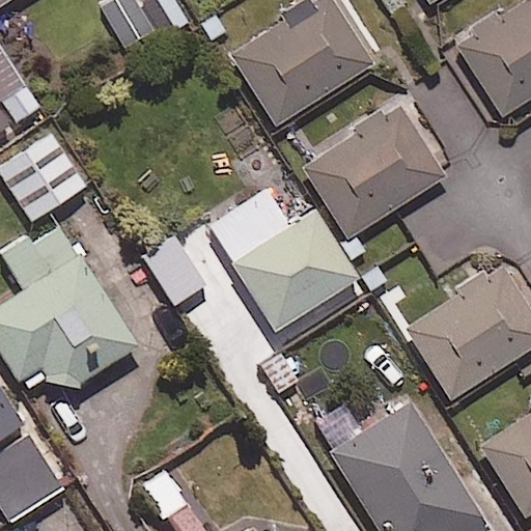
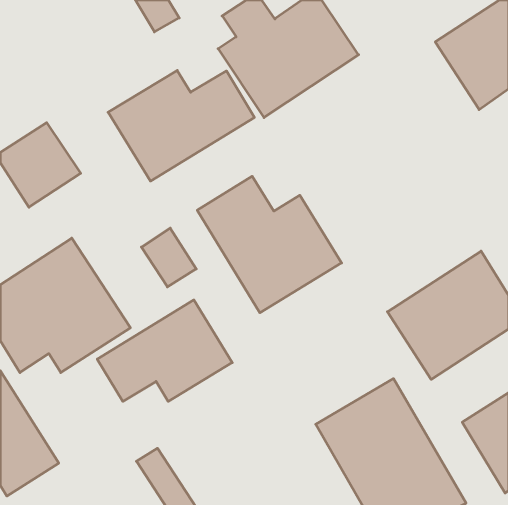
building: none -> [108,70,254,181]
building: [303,105,446,240] -> none
building: none -> [97,300,232,401]

